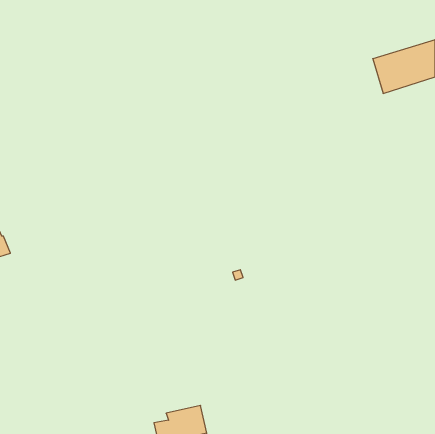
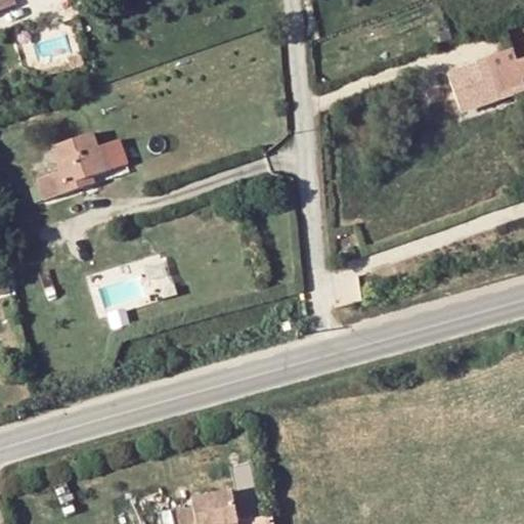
building: none -> [35,127,110,191]

